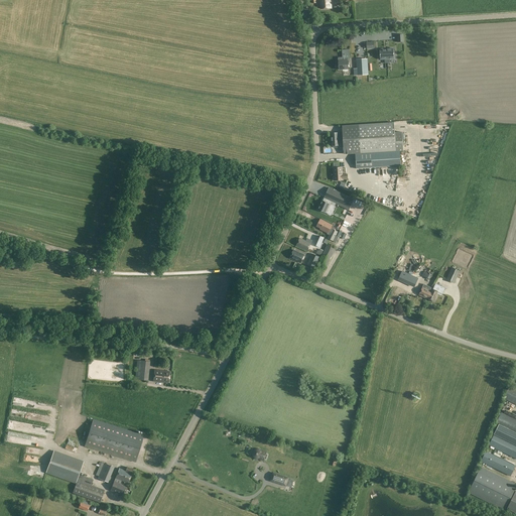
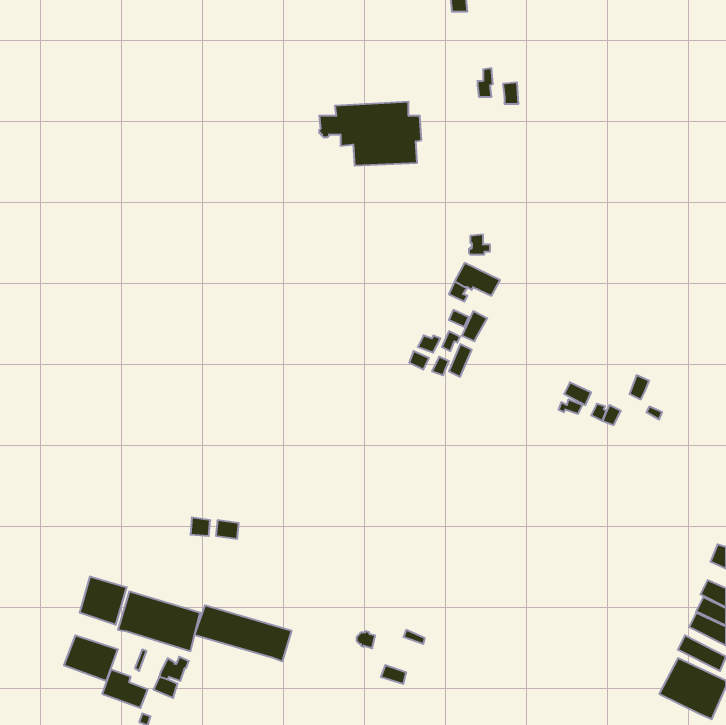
building: [332,122,404,167] -> [319,102,421,166]
building: none -> [80,576,127,625]
building: none -> [194,605,291,661]

